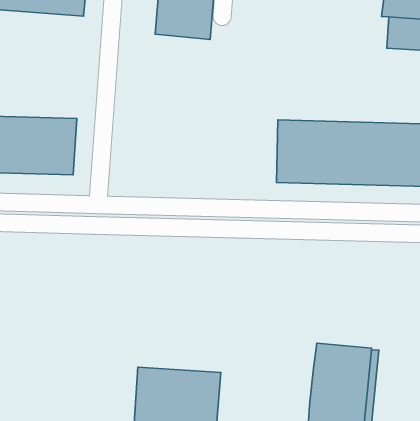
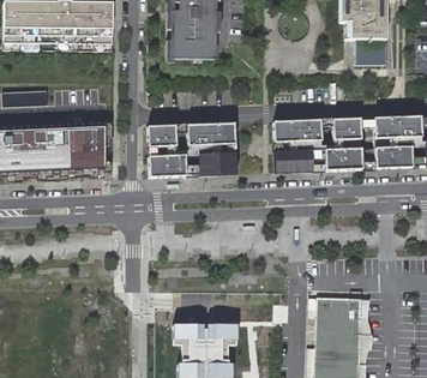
building: none -> [148,122,235,175]

